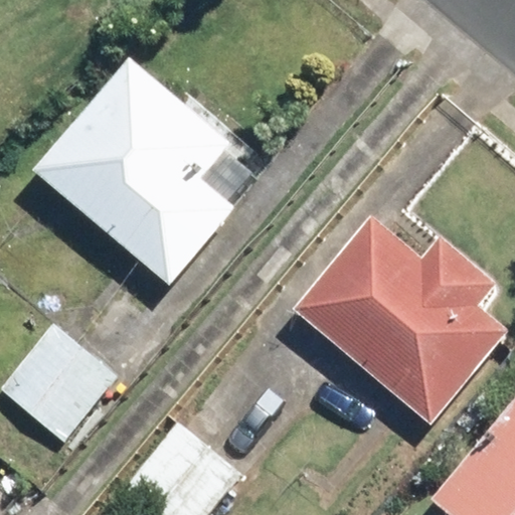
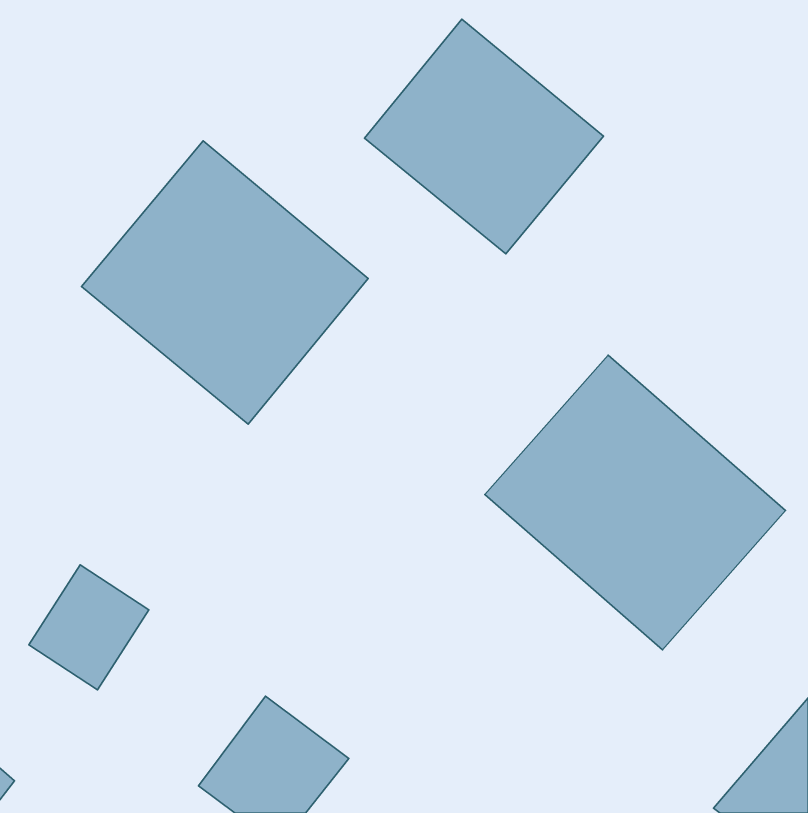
building: none -> [364,19,603,254]

